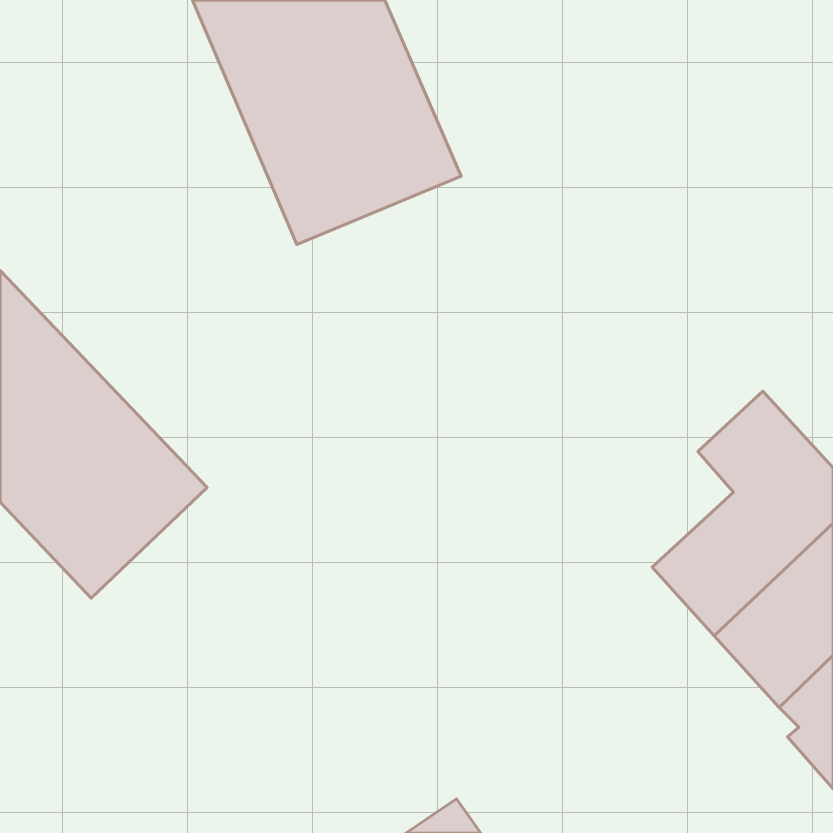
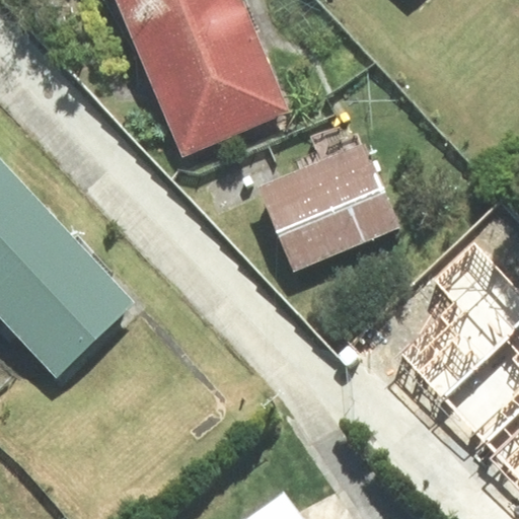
building: none -> [262,131,397,268]

